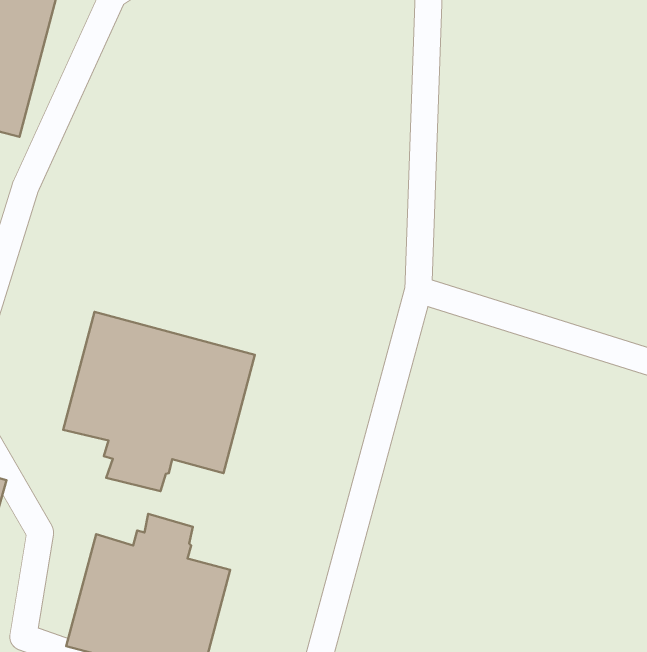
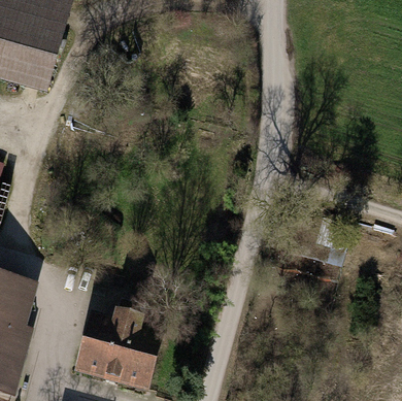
building: [63,312,255,491] -> none

